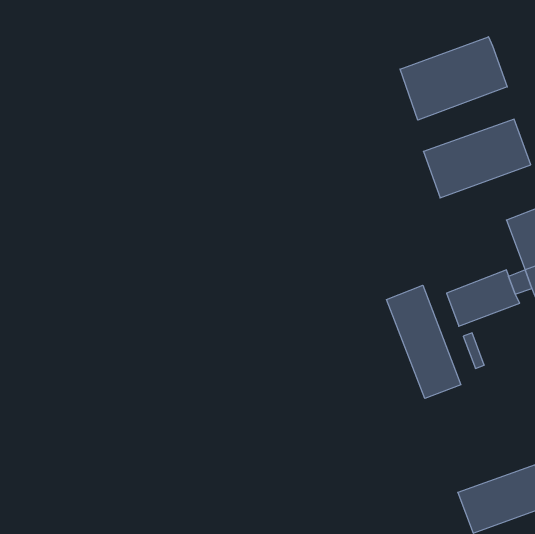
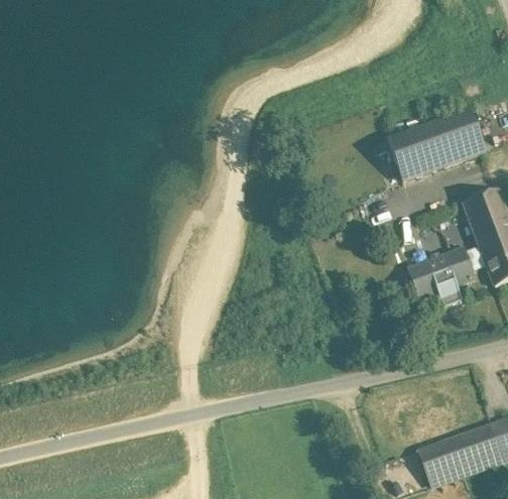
building: [400,37,507,120] -> none
building: [386,285,461,398] -> none

